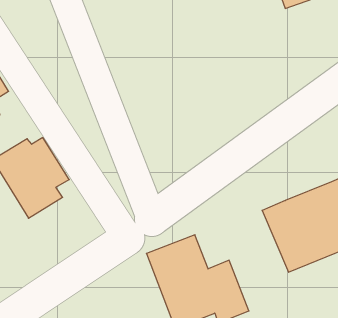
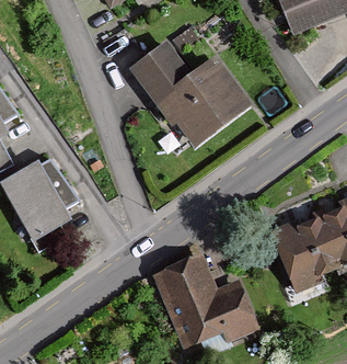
building: none -> [130,39,251,149]

